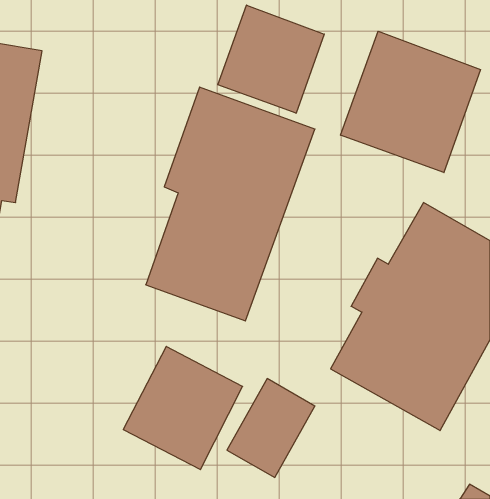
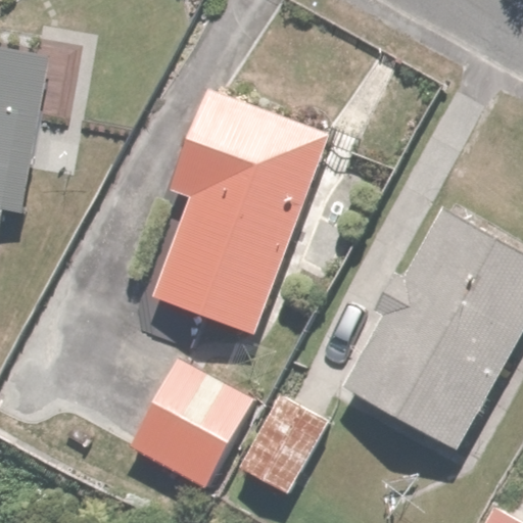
building: [218,5,324,113] -> none
building: [341,31,481,173] -> none

